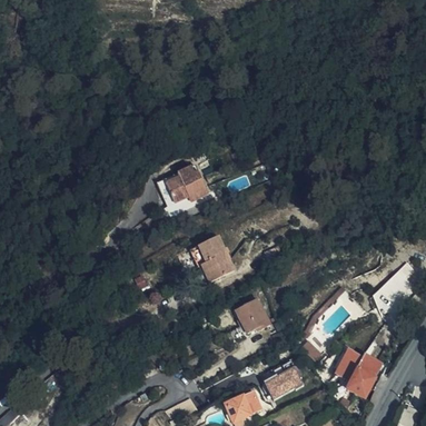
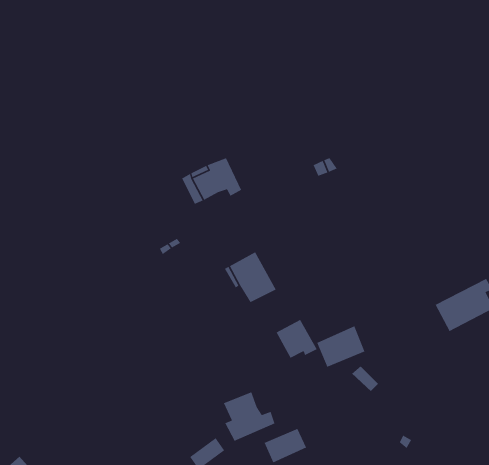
building: [335,349,379,398] -> none
building: none -> [223,391,276,442]
building: [262,360,304,396] -> [316,325,365,368]

